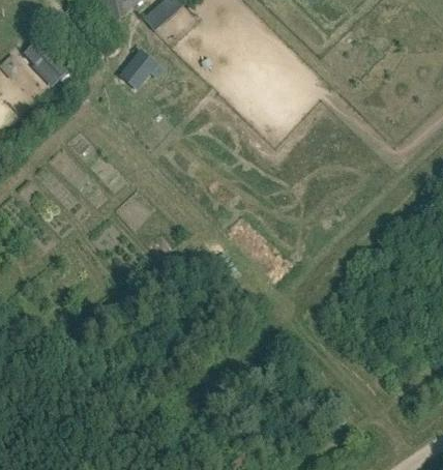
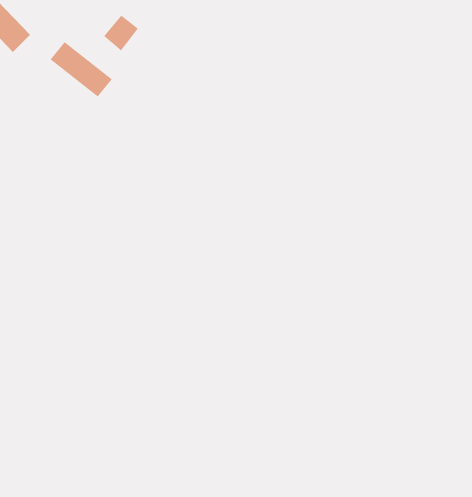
building: none -> [50,41,113,97]

